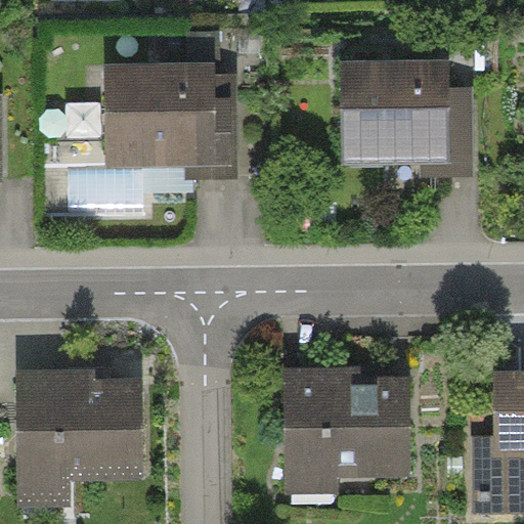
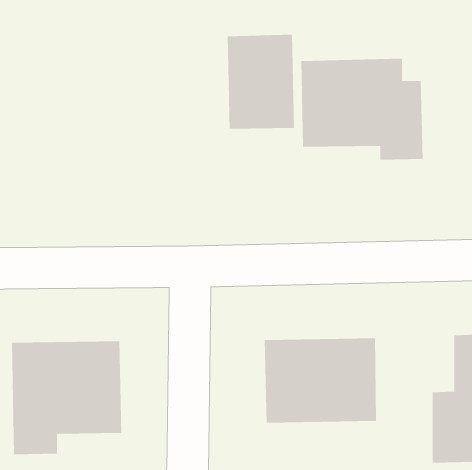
building: none -> [227,34,295,129]
building: [99,63,234,176] -> none

